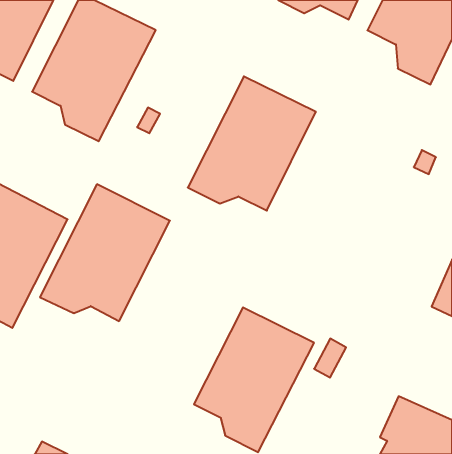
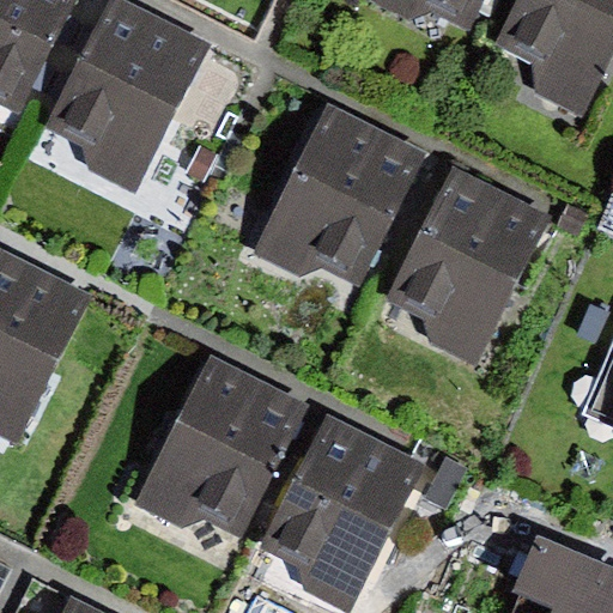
building: none -> [386,164,551,364]
building: [40,184,170,321] -> [134,352,309,536]

